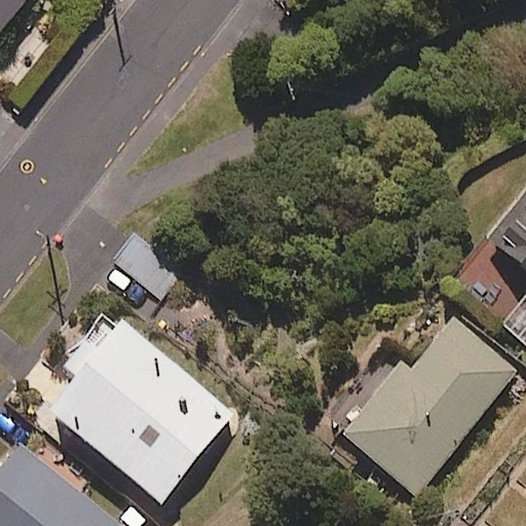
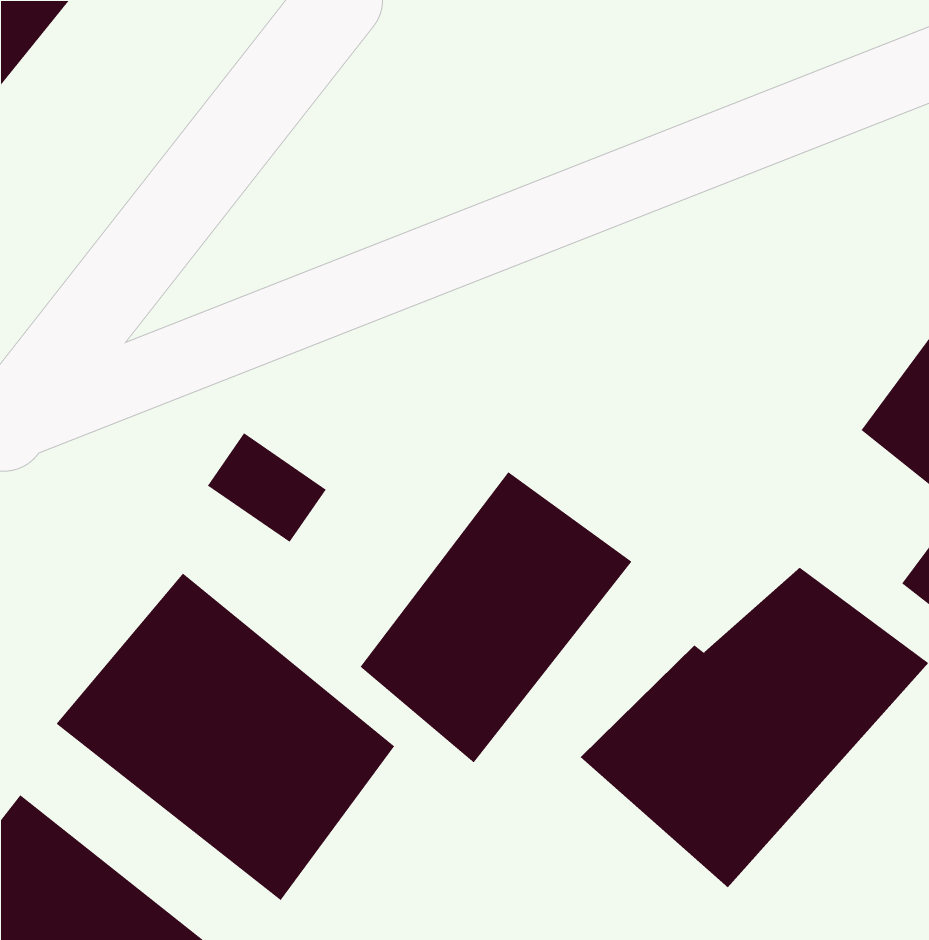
building: none -> [359,471,633,763]

